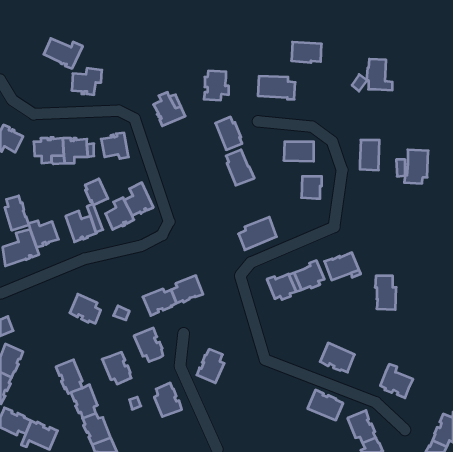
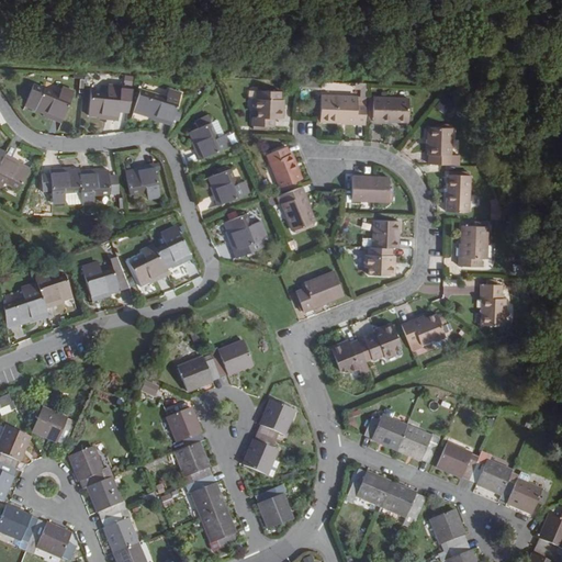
building: [44,38,83,68] -> [26,80,75,117]
building: [291,42,322,63] -> [372,95,409,121]
building: [367,59,392,90] -> [427,126,459,165]
building: none -> [135,88,180,121]
building: none -> [210,168,248,203]
building: [404,150,428,183] -> [458,225,487,267]
building: none -> [224,213,265,256]
building: [85,179,108,205] -> none
building: [5,196,29,230] -> none
building: none -> [364,245,394,274]
building: [375,276,396,310] -> [480,283,506,325]
building: [70,294,101,323] -> [33,406,71,442]
building: none -> [259,398,295,439]
building: none -> [364,414,406,448]
building: [102,352,131,384] -> [175,442,211,482]
building: none -> [437,442,477,477]
building: none -> [348,470,391,506]
building: none -> [501,471,542,512]
building: none -> [257,484,292,529]
building: none -> [201,507,235,548]

